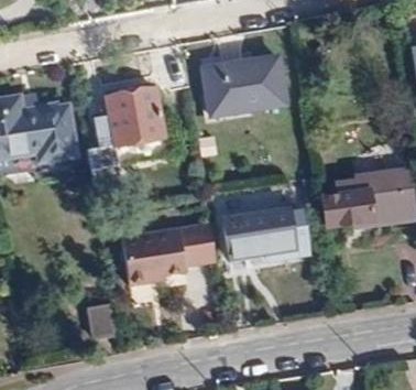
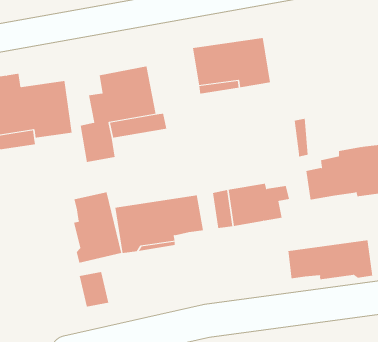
building: none -> [73,191,122,264]
building: none -> [288,239,373,280]

